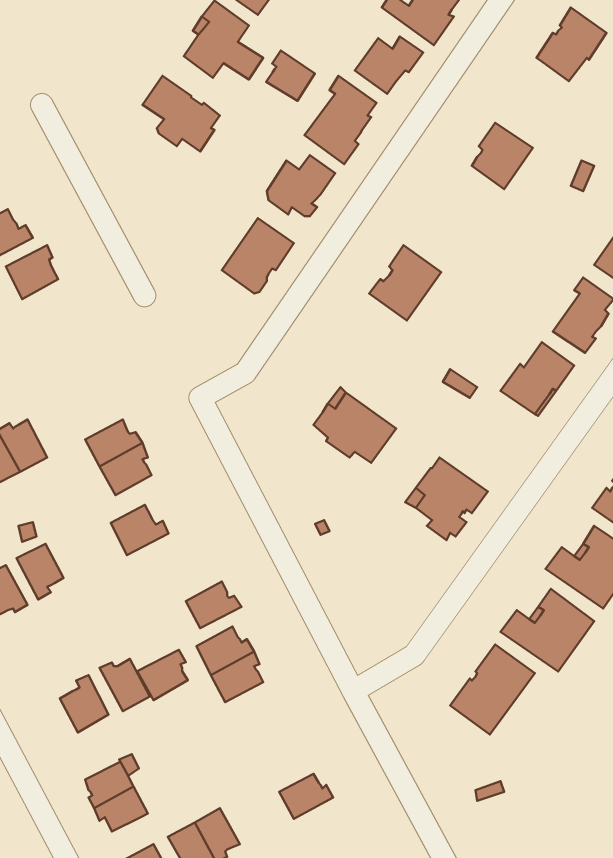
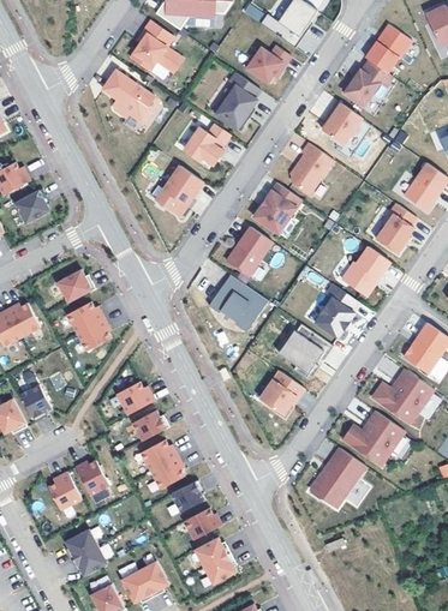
building: [266,51,315,101] -> none
building: none -> [344,60,393,107]
building: none -> [289,143,333,194]
building: none -> [226,227,271,276]
building: none -> [54,266,94,300]
building: none -> [315,284,359,339]
building: [111,505,168,555] -> [115,378,154,412]
building: none -> [258,371,304,415]
building: [137,650,188,700] -> [165,479,198,513]
building: none -> [181,505,219,538]
building: none -> [203,551,235,582]

